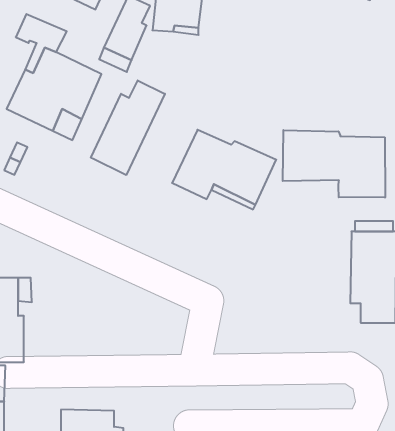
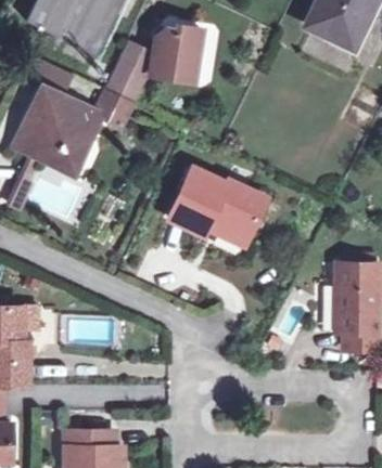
building: [91,80,165,175] -> none
building: [283,130,385,198] -> none

